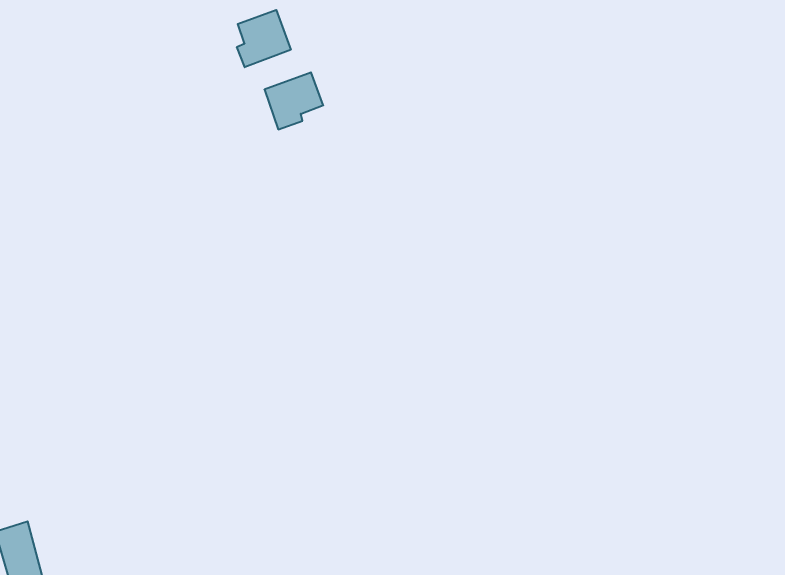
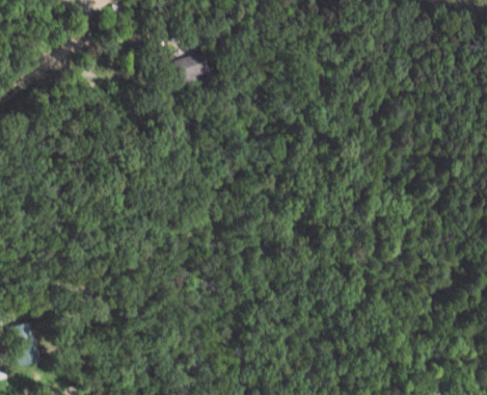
building: [237,10,291,67] -> none

